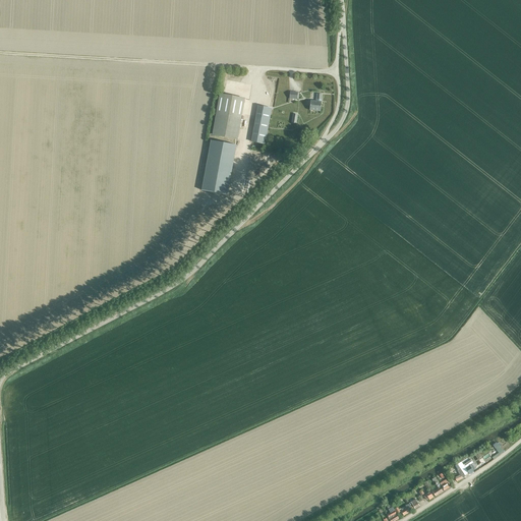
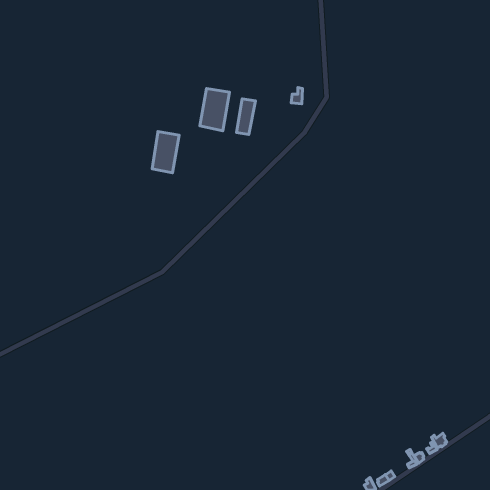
building: [205,148,233,191] -> [152,131,179,173]

